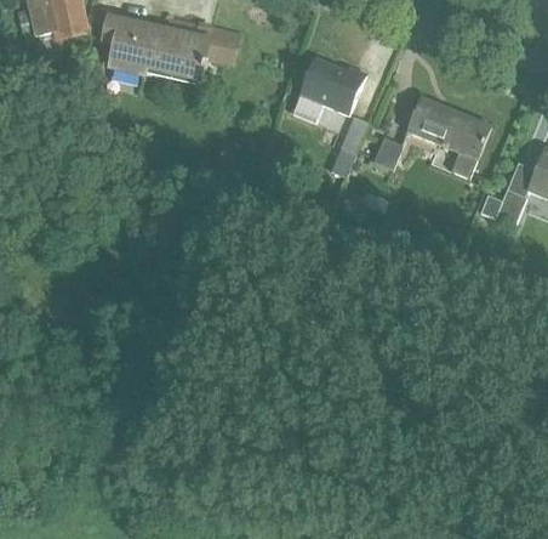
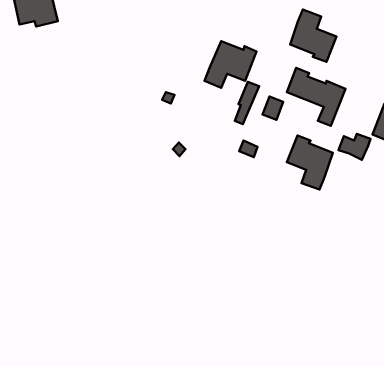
building: none -> [290,10,337,62]
building: [103,17,236,79] -> none
building: none -> [287,136,333,190]

